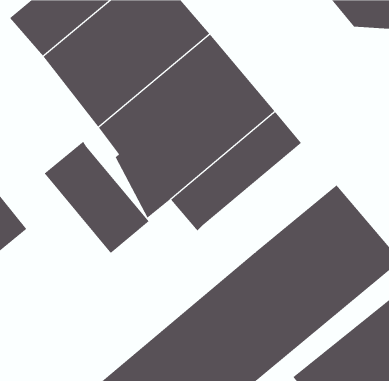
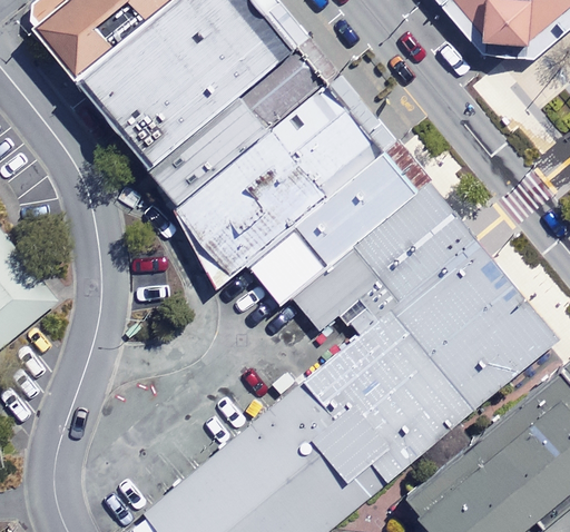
building: [44,141,150,254] -> none
building: none -> [289,191,464,334]

